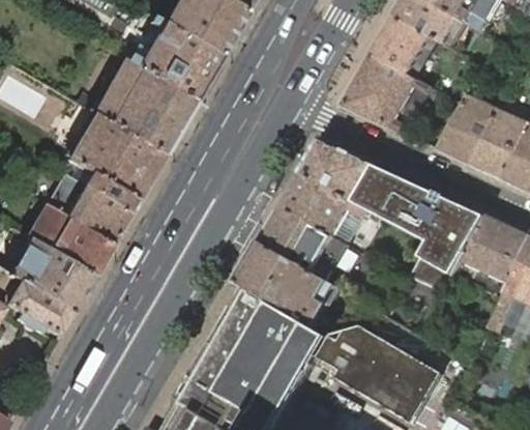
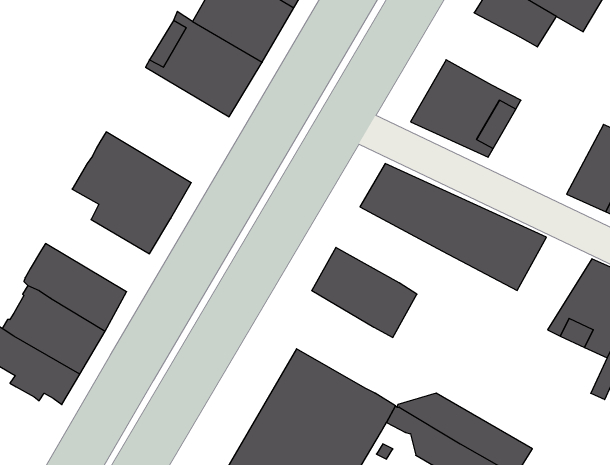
building: [371,17,431,76] -> none
building: [75,60,194,155] -> none
building: [437,93,499,165] -> none
building: [42,174,128,245] -> none
building: [281,175,367,247] -> none
building: [410,200,490,293] -> none
building: [236,243,340,327] -> none

